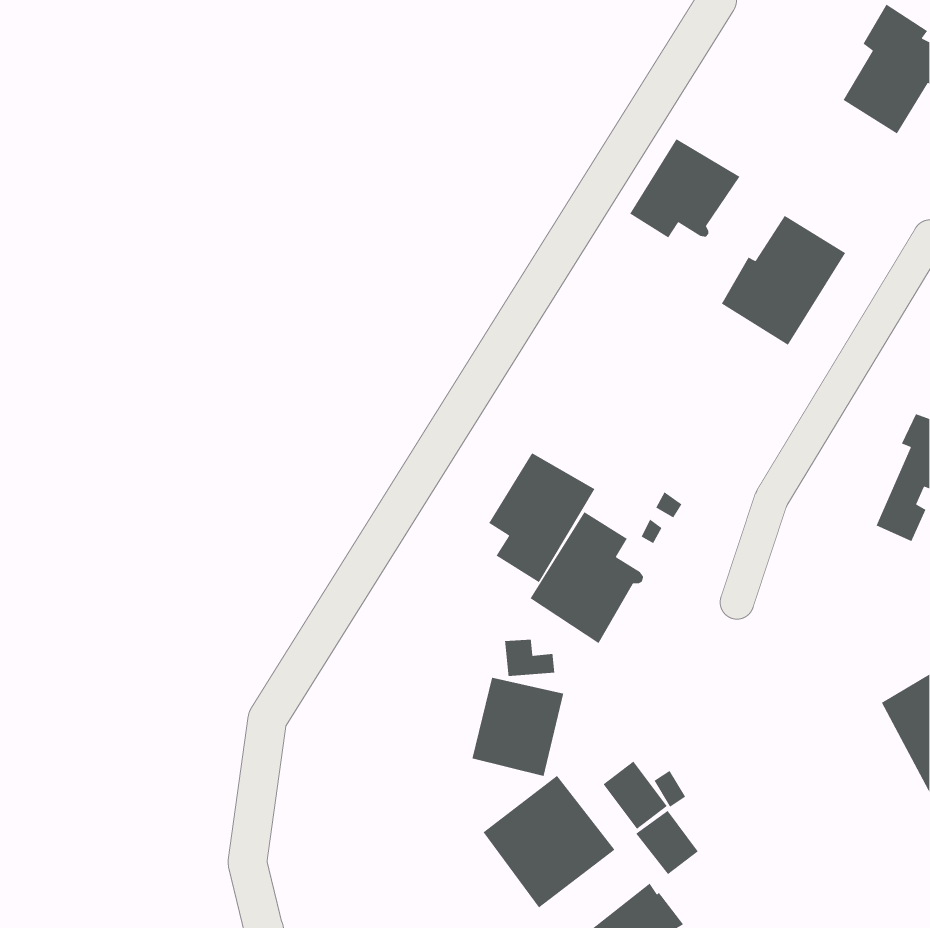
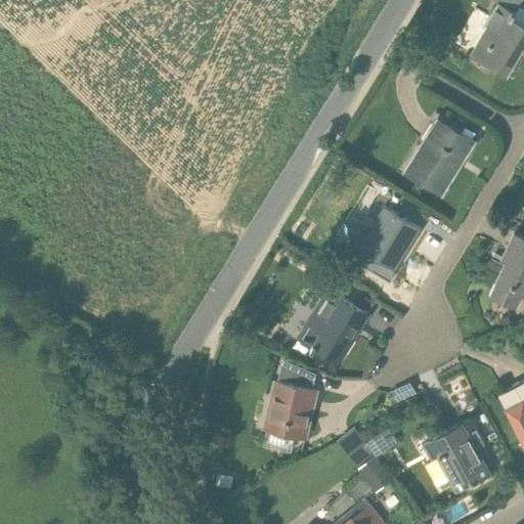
building: [629,138,741,239] -> none
building: [488,452,596,583] -> [360,209,421,282]
building: none -> [423,423,490,491]
building: [482,775,616,908] -> none

